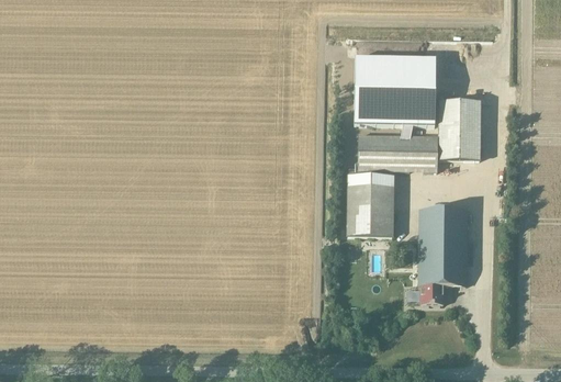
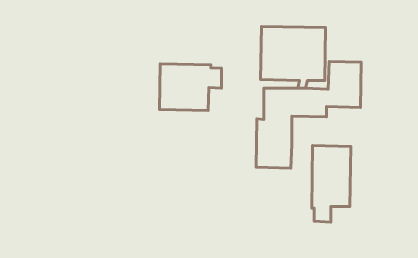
building: none -> [159,64,222,110]

